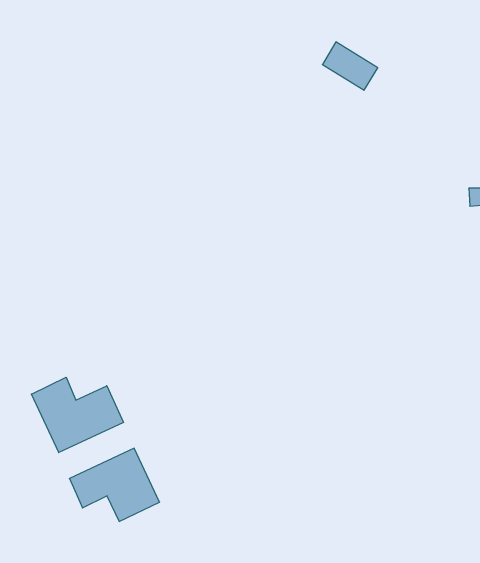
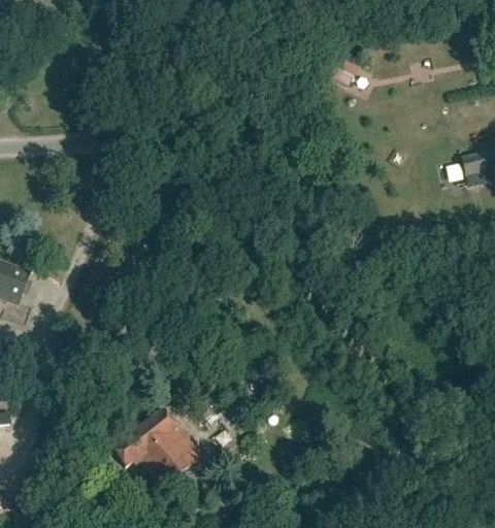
building: [31,377,123,453] -> none

